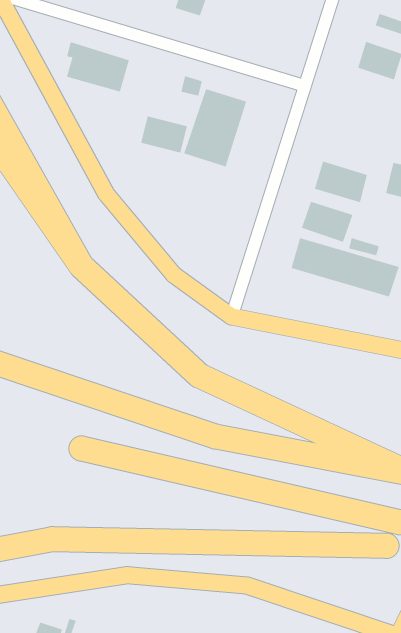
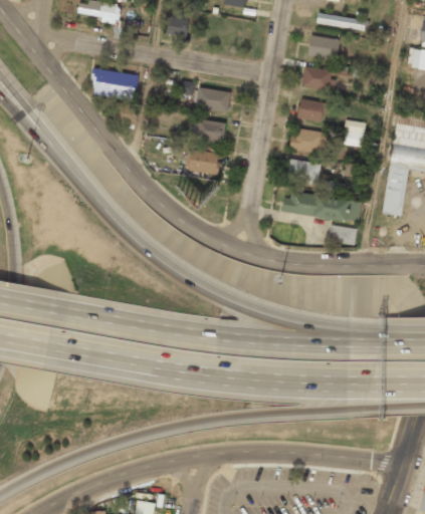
building: none -> [301,66,332,91]
building: [140,116,188,153] -> [185,150,218,174]
building: none -> [296,98,331,121]
building: none -> [329,226,357,245]

